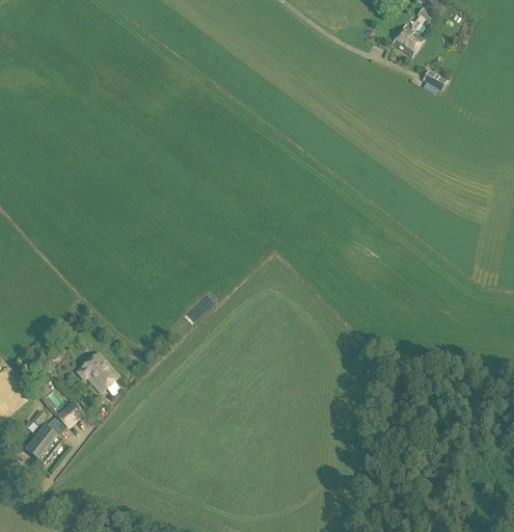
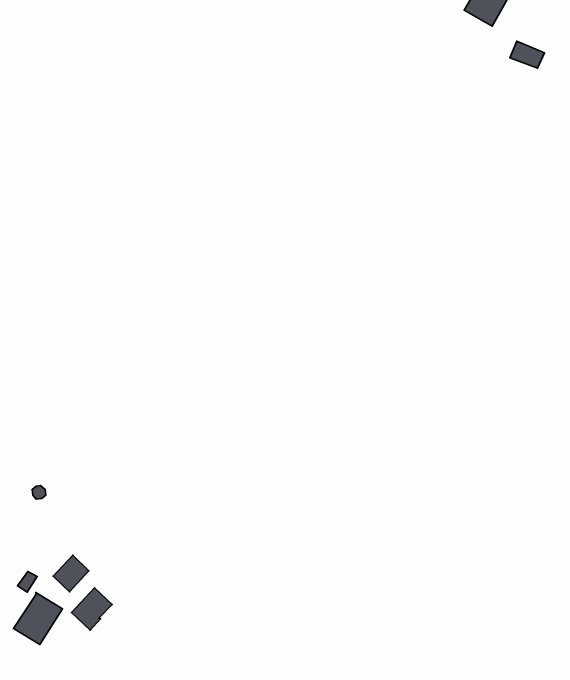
building: [77,352,117,392] -> none
building: none -> [71,588,112,630]

